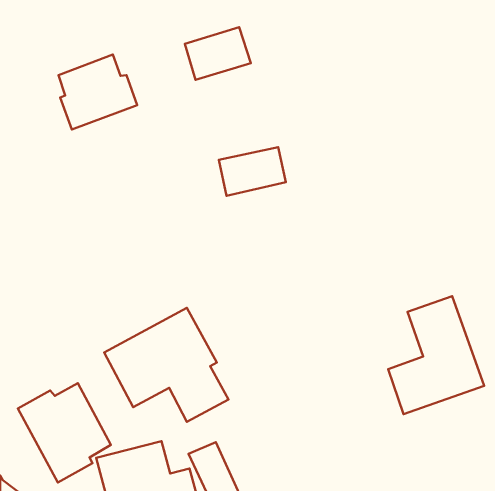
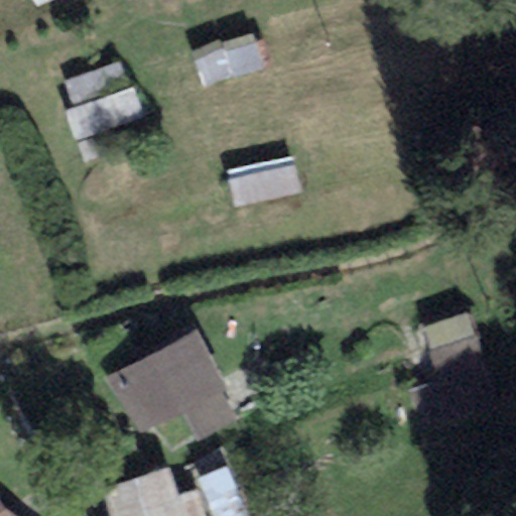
building: [18,383,111,482] -> none

